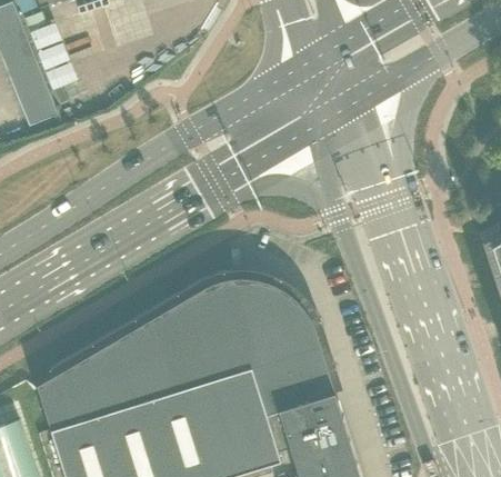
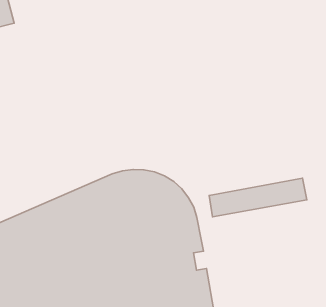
building: none -> [209,178,307,217]

